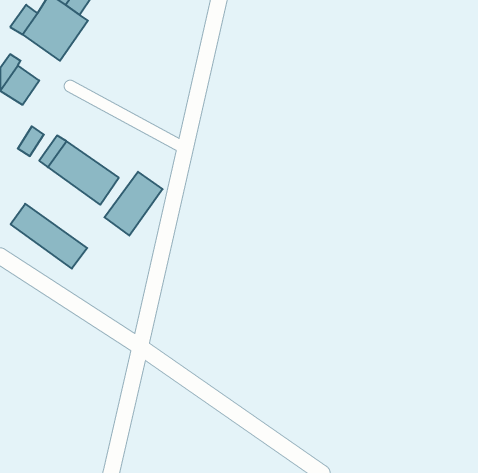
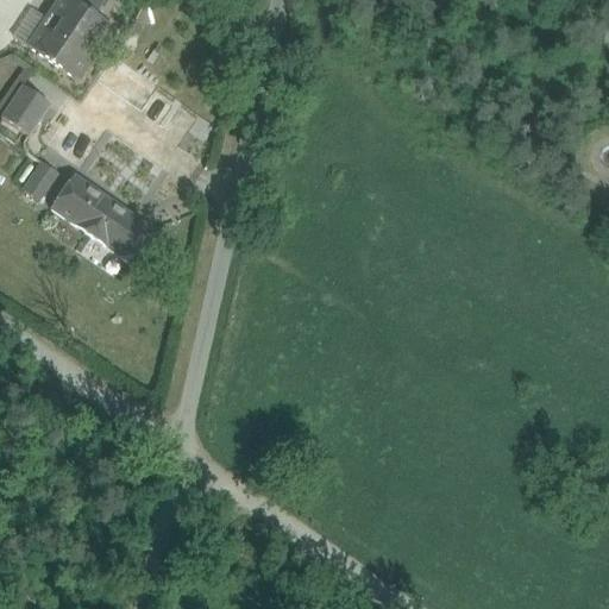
building: [104,172,163,236] -> none
building: [11,204,87,269] -> none

